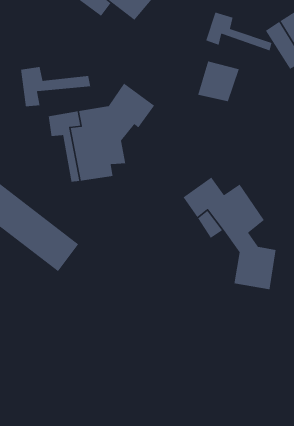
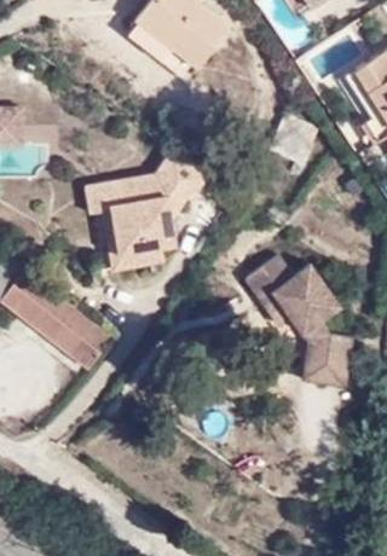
building: [205,12,272,51] -> none
building: [20,66,91,107] -> none

